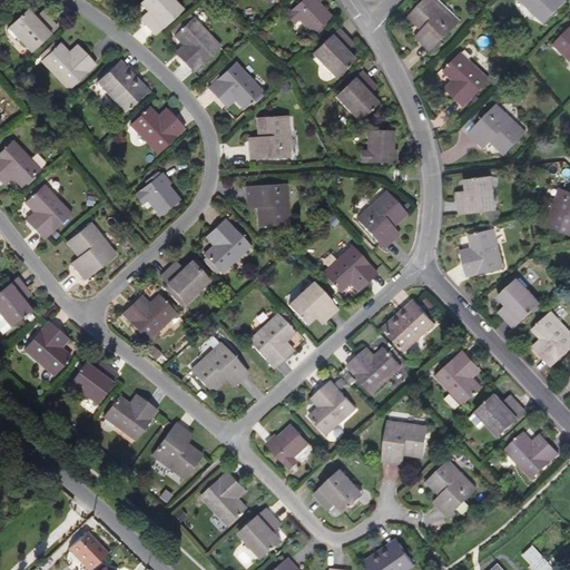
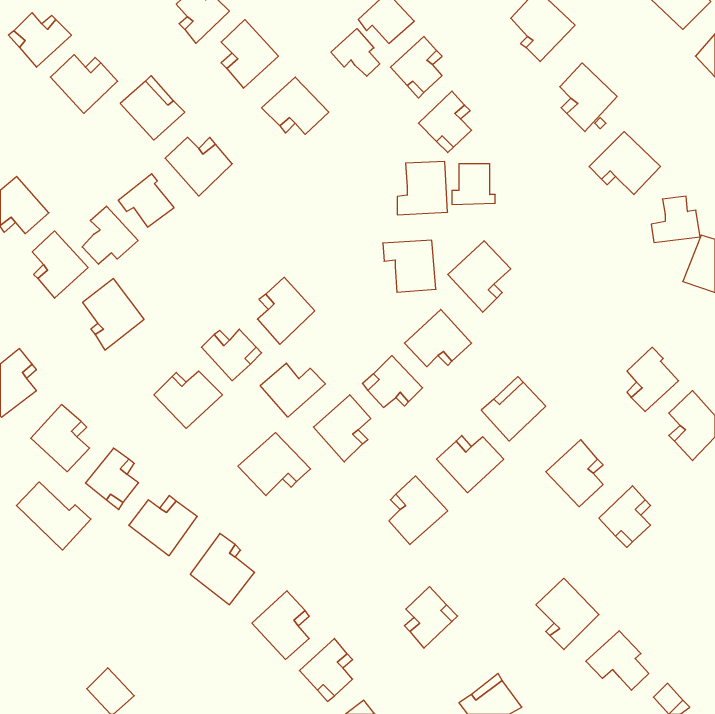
building: none -> [331,29,380,76]
building: [248,116,288,158] -> [397,162,448,215]
building: none -> [82,206,138,264]
building: [136,173,180,215] -> [118,174,174,227]
building: [458,177,497,214] -> [651,196,700,242]
building: [246,185,288,226] -> [383,240,436,292]
building: [463,227,504,276] -> none
building: none -> [260,363,325,417]
building: none -> [16,482,91,550]
building: [383,421,430,464] -> none
building: [267,423,309,468] -> none
building: [504,432,558,479] -> none
building: none -> [586,631,649,690]

